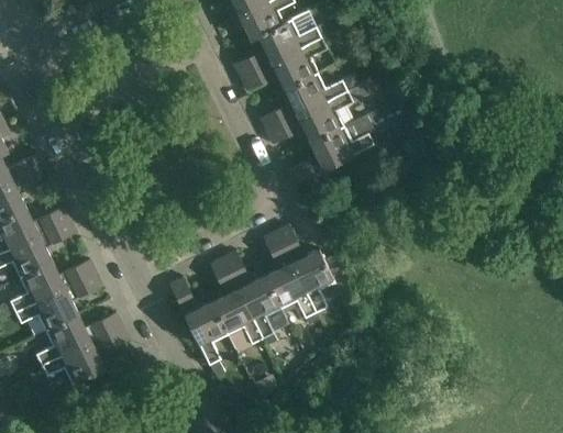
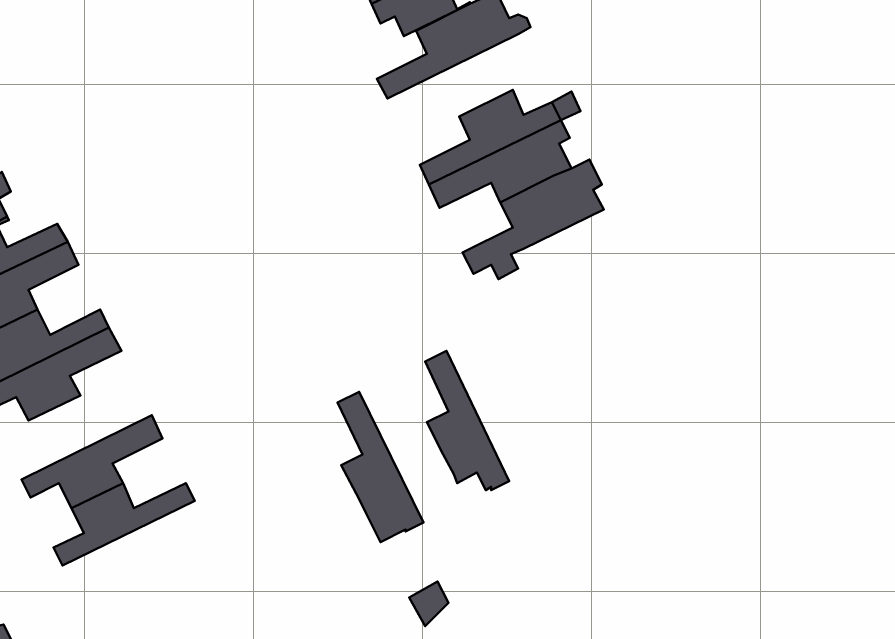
building: [240,37,325,90] -> none
building: [276,225,333,312] -> none
building: [222,252,285,346] -> none
building: [9,259,95,311] -> none
building: [168,278,227,365] -> none
building: [40,324,128,385] -> none

